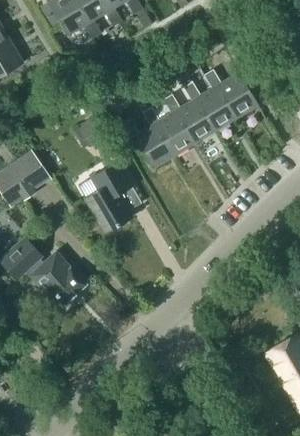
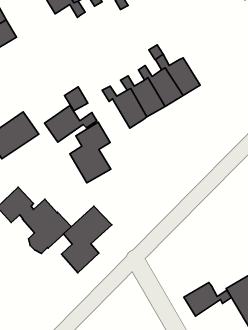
building: [197,58,257,118] -> none
building: none -> [45,105,97,142]
building: none -> [62,206,112,273]
building: none -> [184,282,231,316]

